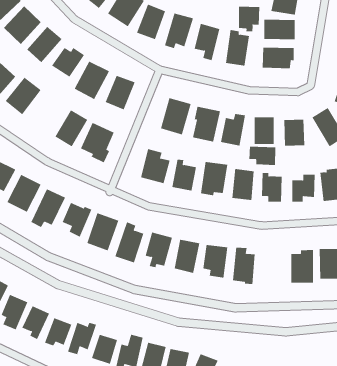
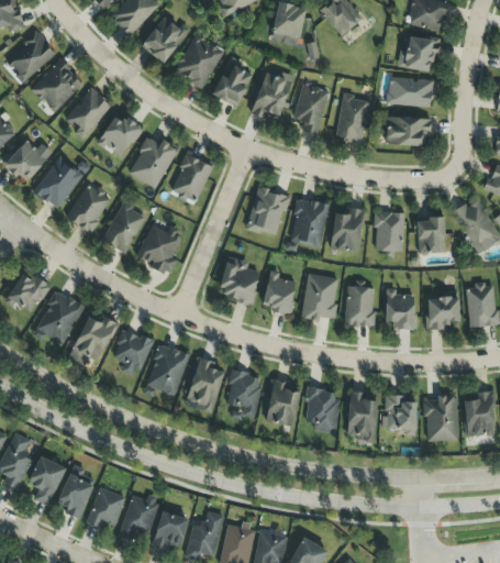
building: [238,6,260,32] -> none
building: none -> [66,180,114,232]
building: [249,146,276,166] -> none
building: none -> [386,395,416,434]

